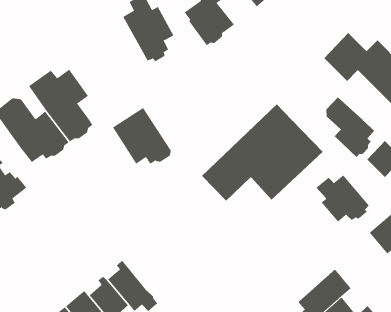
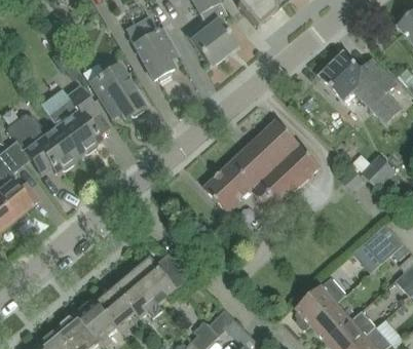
building: [326,97,375,158] -> none
building: [112,107,171,164] -> [88,64,145,118]
building: [316,175,370,222] -> none
building: none -> [129,253,192,303]

